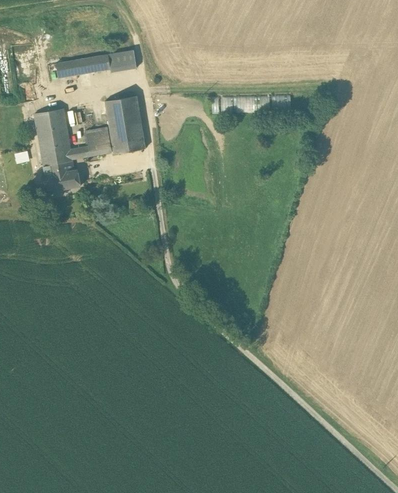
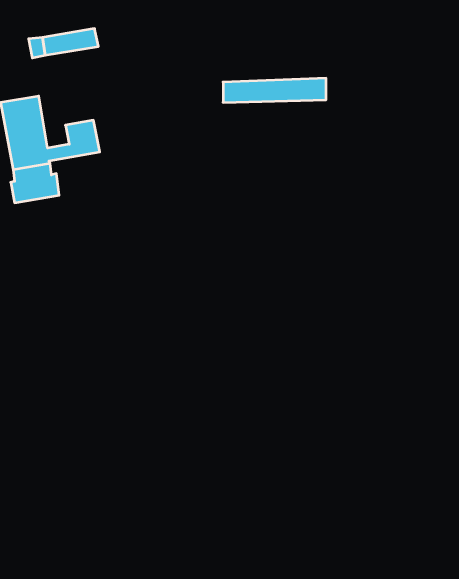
building: [107,49,136,71] -> none
building: [104,95,145,153] -> none

